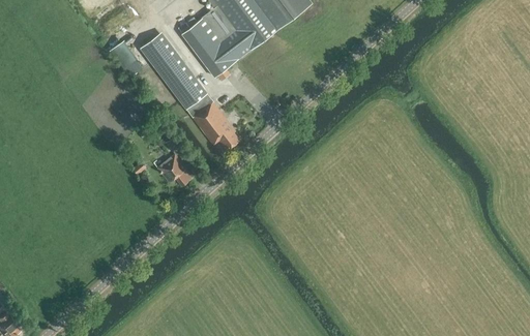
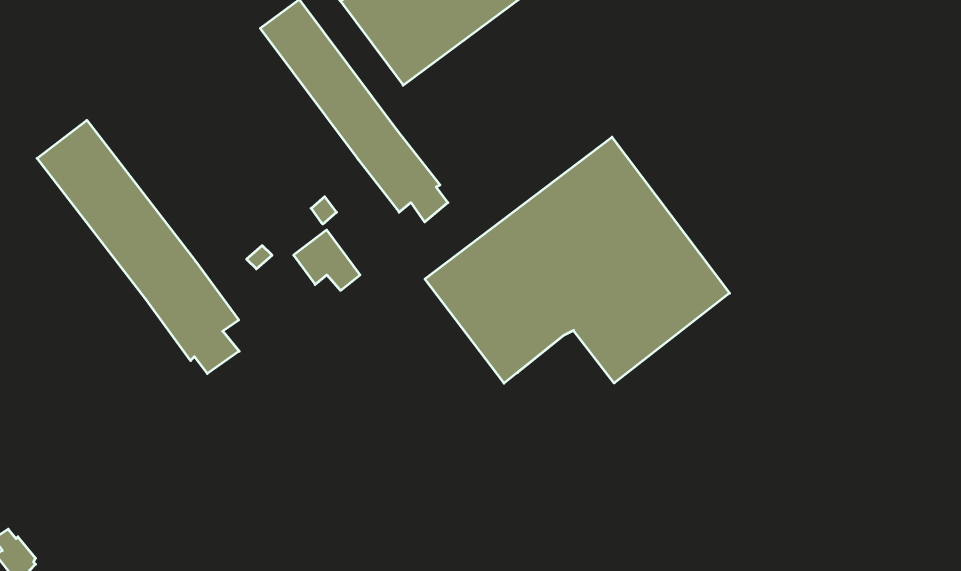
building: none -> [37,120,239,374]
building: none -> [425,137,730,383]

